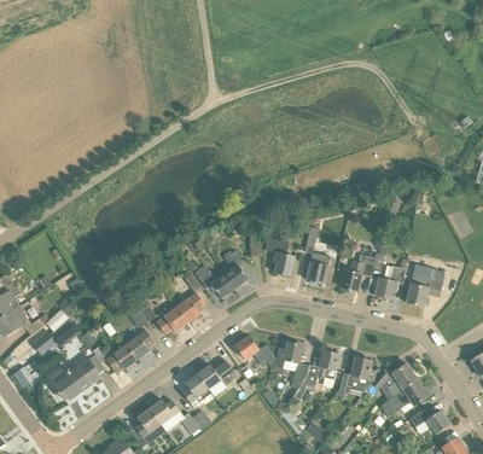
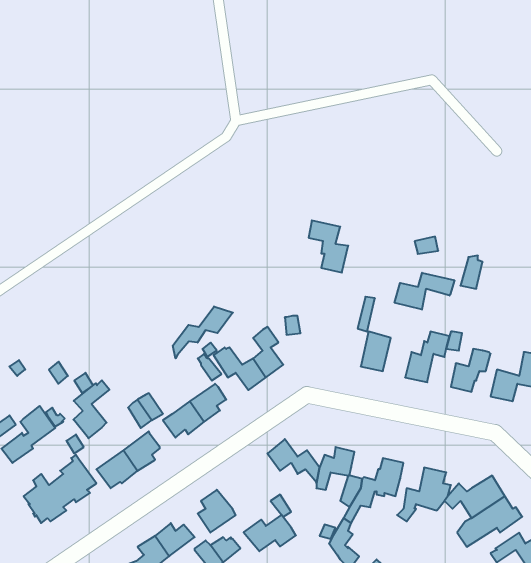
building: none -> [395,273,454,310]
building: none -> [173,306,233,358]
building: [264,237,295,277] -> [309,220,348,273]
building: none -> [73,380,109,438]
building: [197,361,237,389] -> [244,515,296,551]

